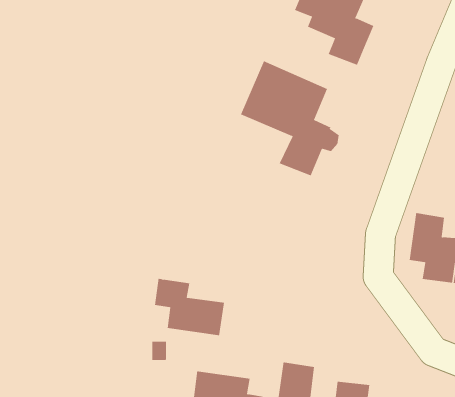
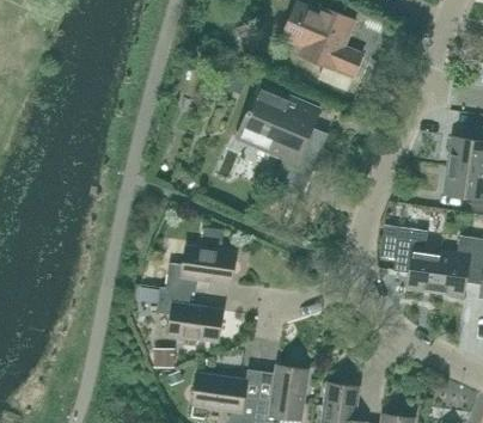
building: none -> [165,246,234,293]

